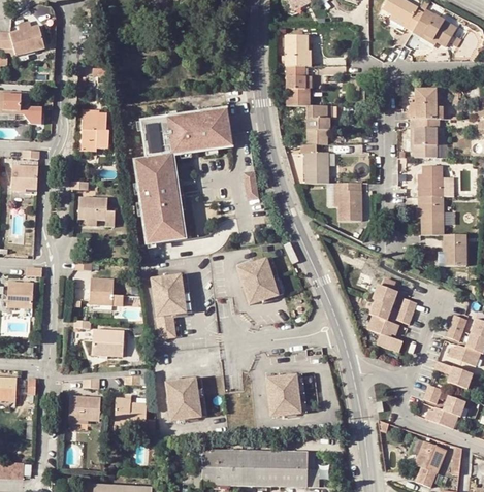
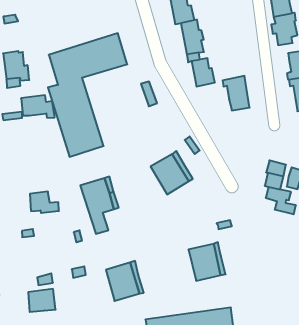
building: [80,196,118,225] -> [21,95,55,118]
building: [93,329,124,357] -> none
building: [115,397,148,427] -> none

